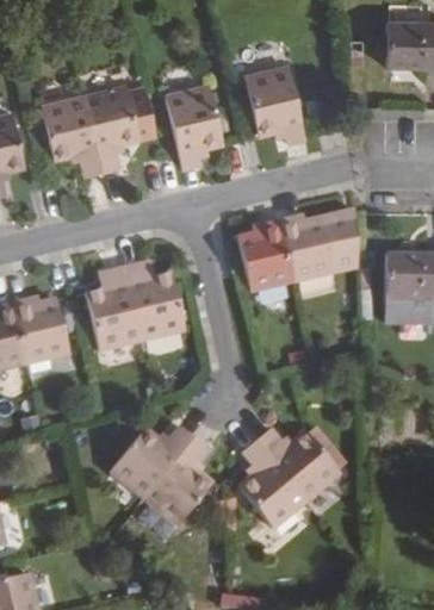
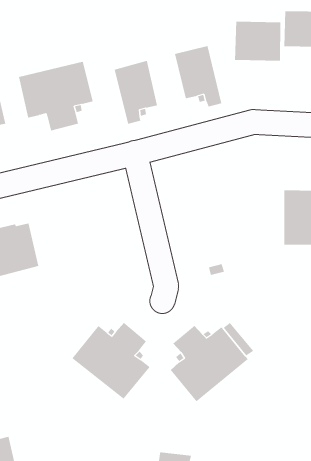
building: none -> [234,21,281,61]
building: [237,210,358,292] -> none
building: [85,261,185,351] -> none

